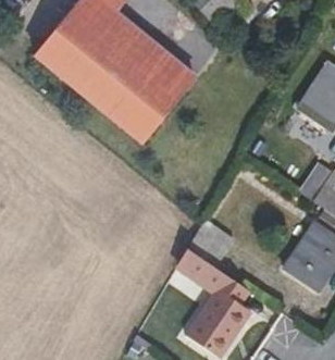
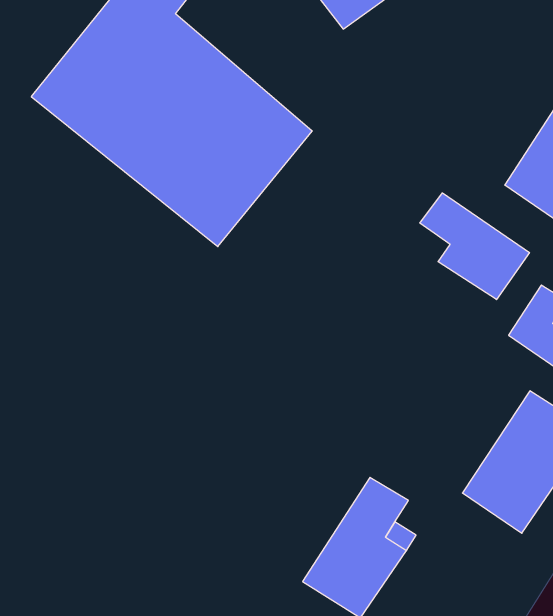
building: none -> [420,193,529,300]
building: [181,233,225,280] -> none

